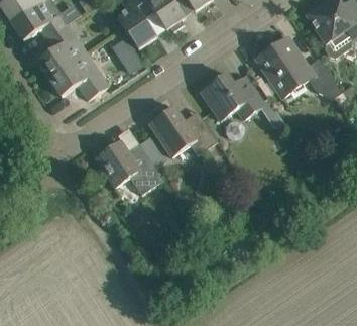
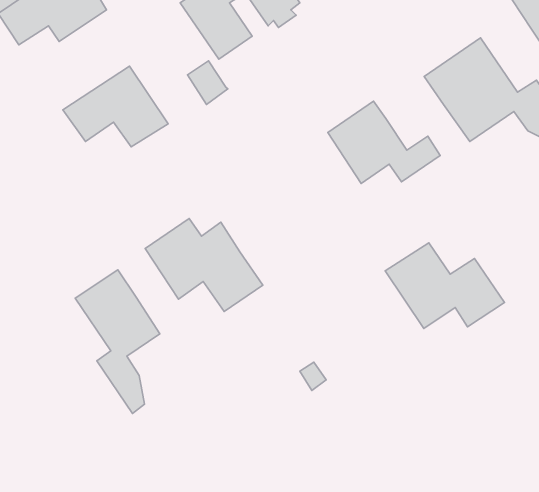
building: [35,20,86,78] -> none
building: [148,107,217,156] -> [385,243,504,329]
building: none -> [75,270,160,414]

